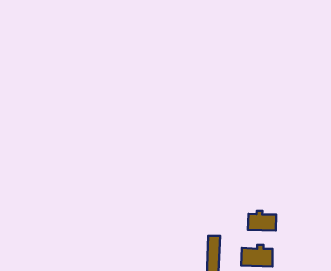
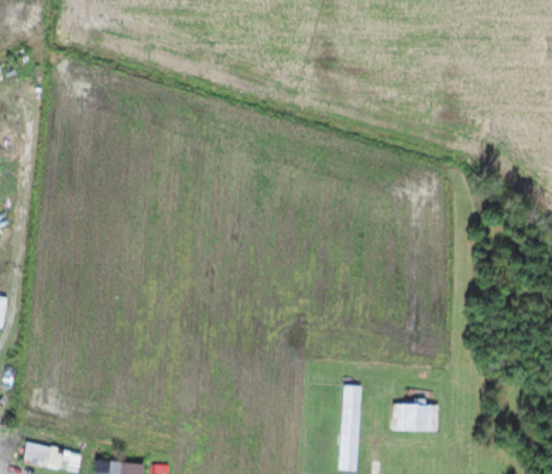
building: [248,211,276,230] -> none

